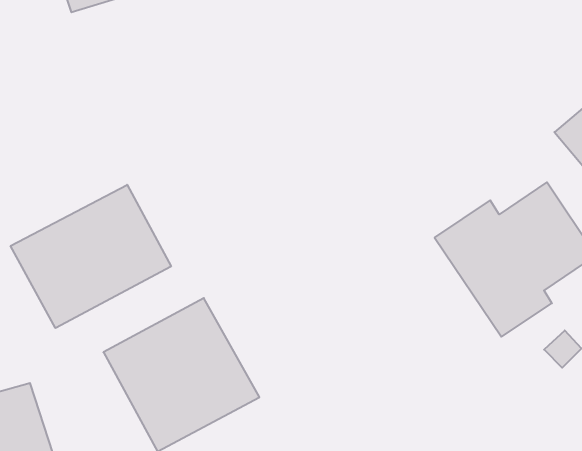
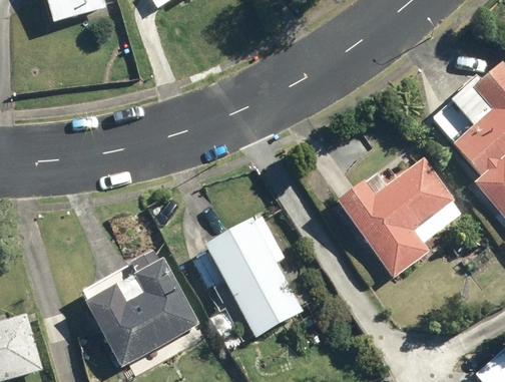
building: [11,185,171,328] -> none
building: none -> [188,216,306,350]

